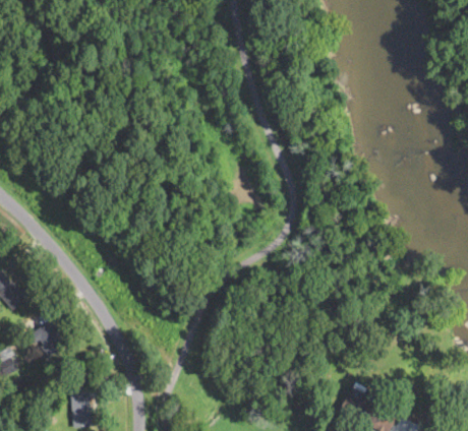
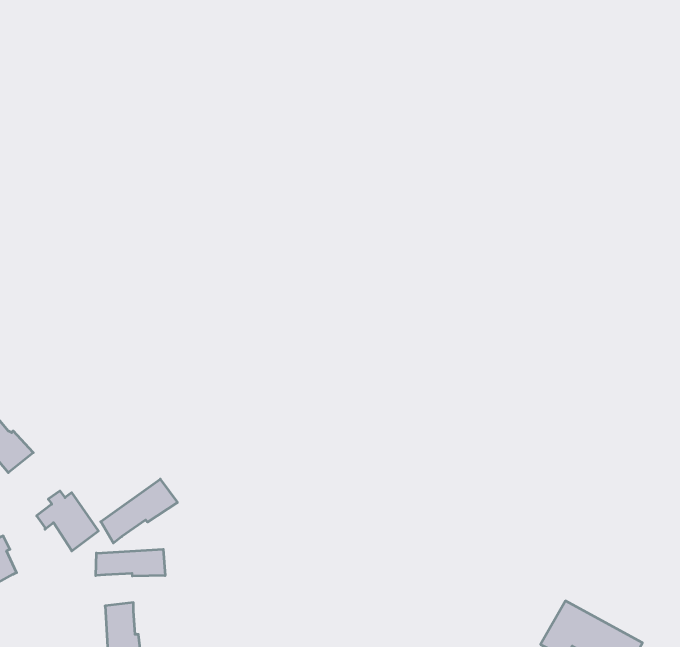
building: none -> [101,479,177,543]
building: none -> [96,549,165,576]

